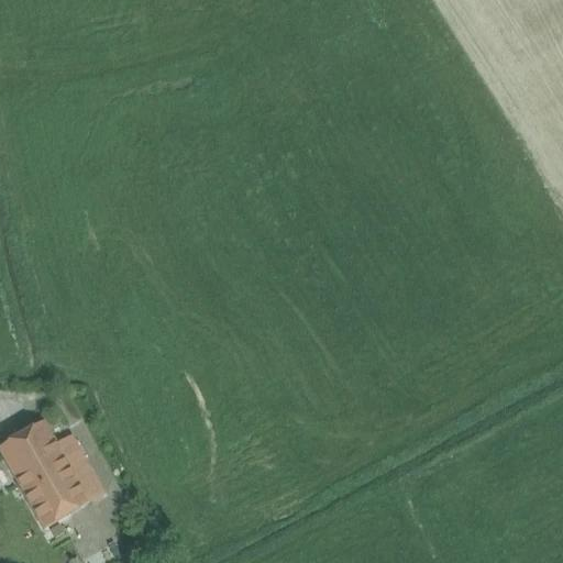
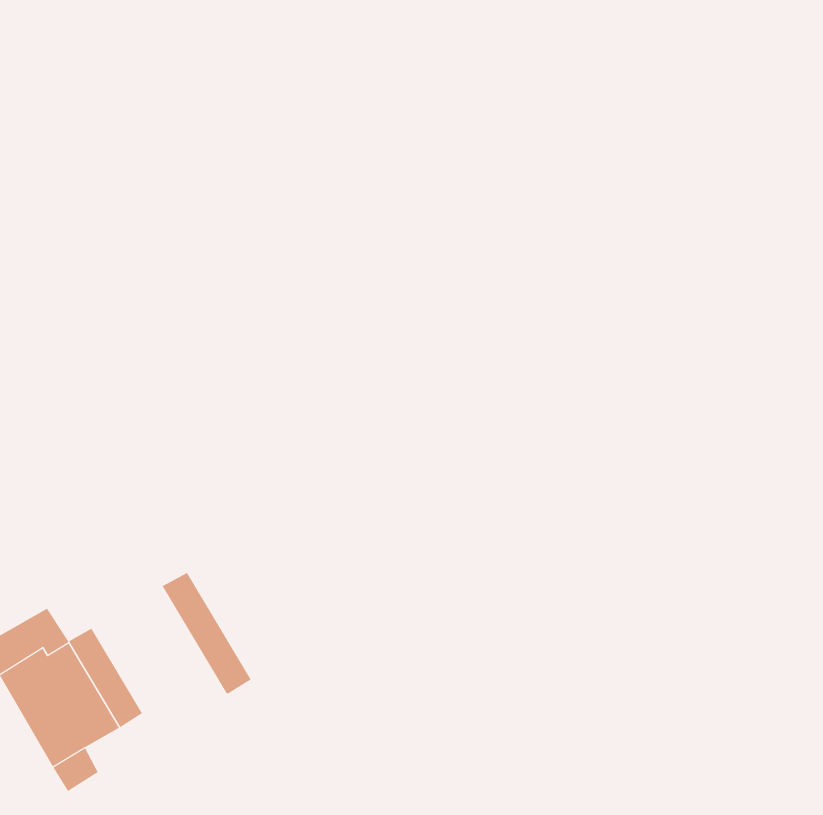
building: none -> [162,572,251,695]
building: [57,477,104,517] -> none

